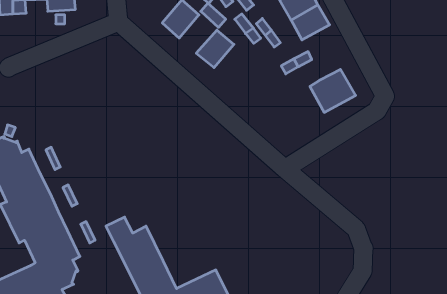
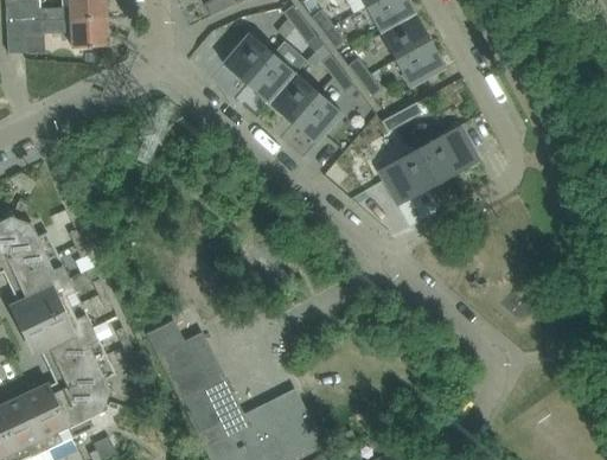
building: none -> [245,52,295,103]
building: none -> [292,91,341,142]
building: none -> [377,147,437,204]

